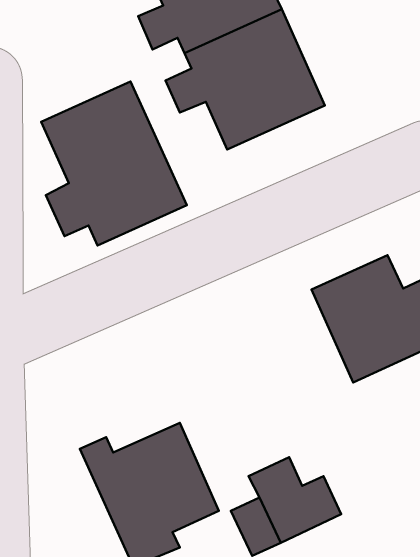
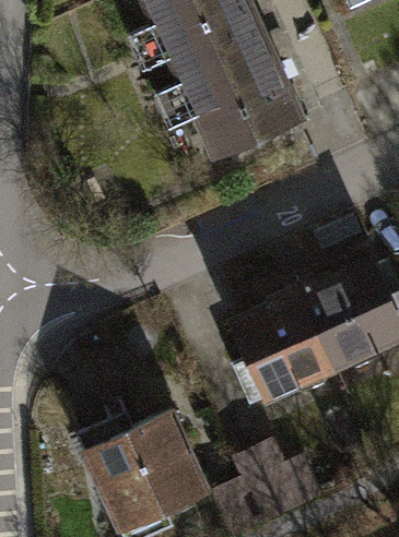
building: [41,82,187,246] -> none
building: none -> [222,287,331,413]

